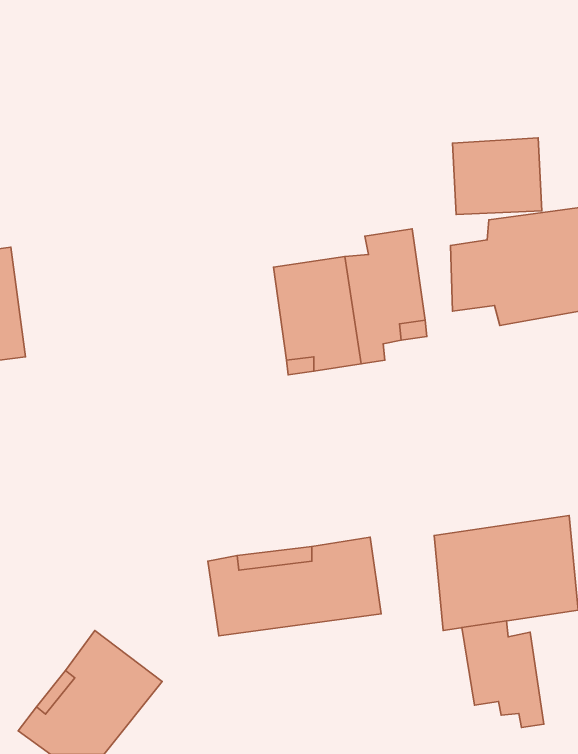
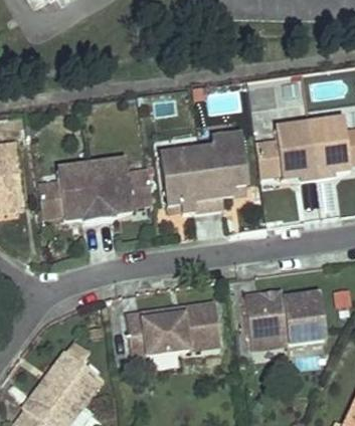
building: none -> [36,156,150,219]
building: [462,621,544,727] -> none

